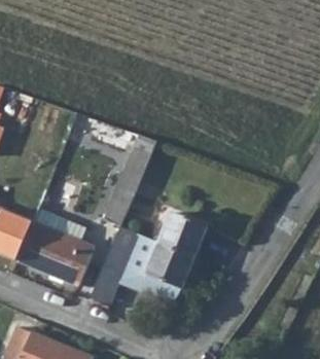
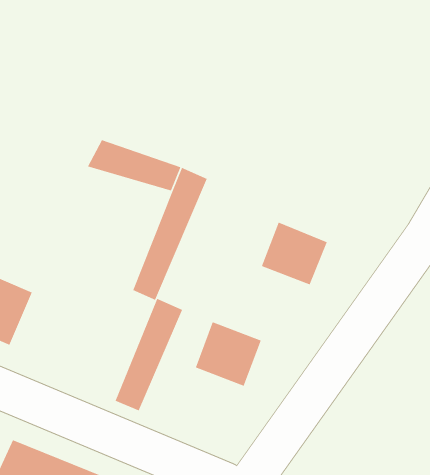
building: [159,211,207,256] -> [261,221,328,285]
building: [16,222,95,286] -> none

